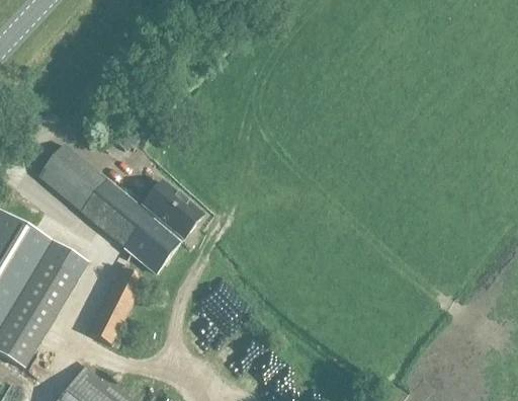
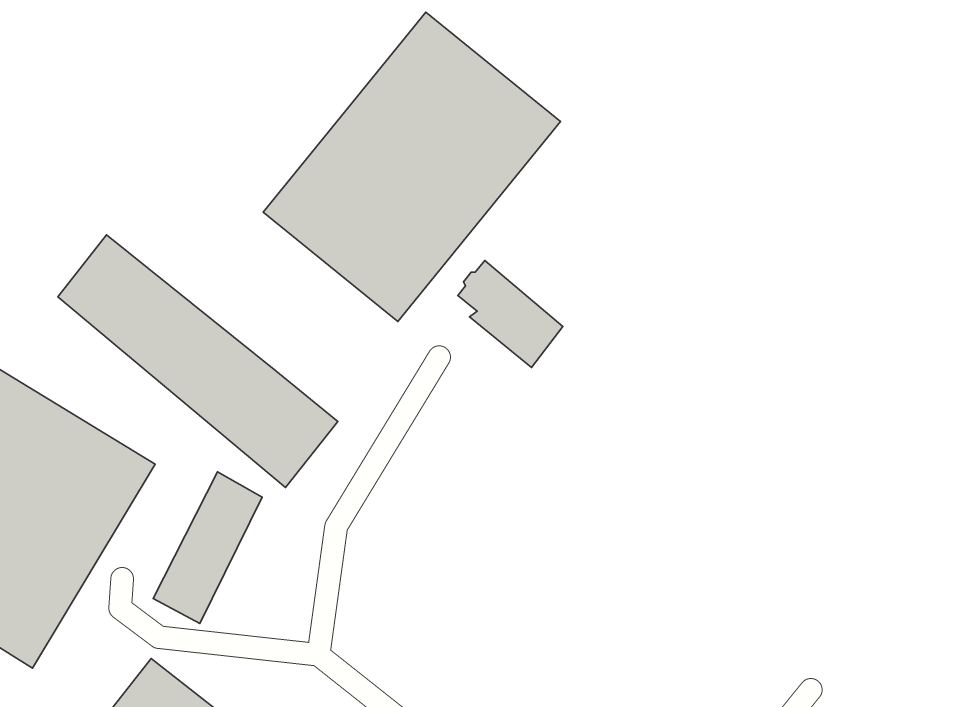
building: none -> [263,12,560,322]
building: [145,184,199,240] -> [458,261,563,367]

